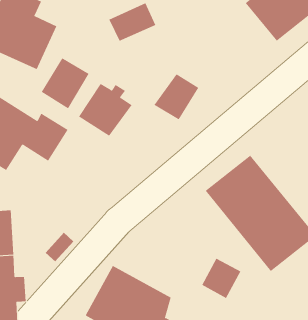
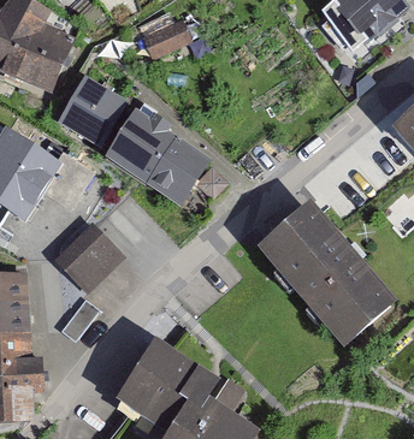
building: [153,73,199,120] -> [143,137,201,196]
building: none -> [57,223,129,293]
building: [202,258,241,299] -> none

